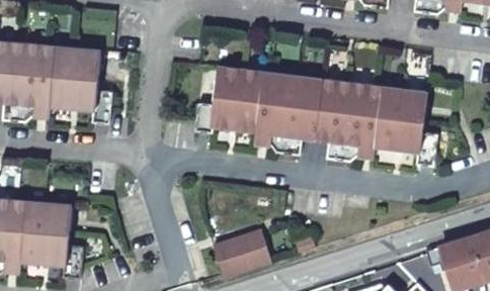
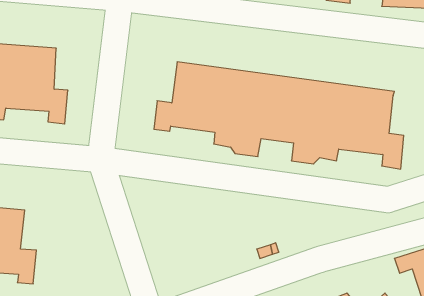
building: [212,229,270,276] -> none

